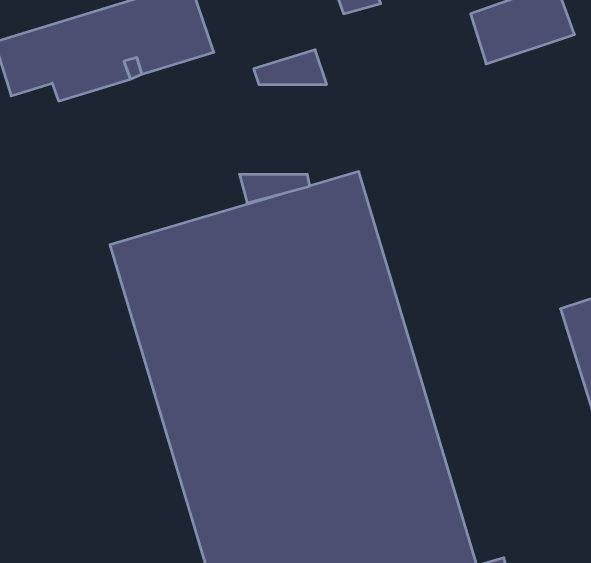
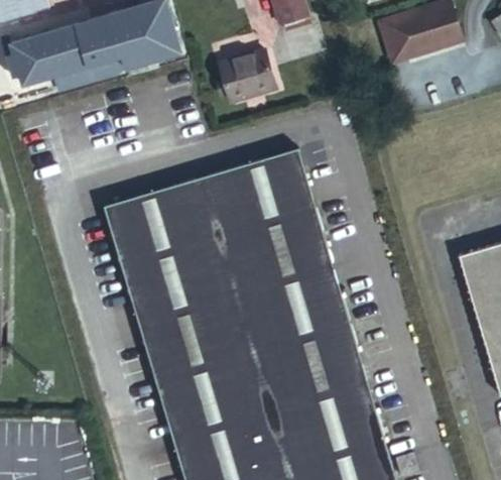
building: [239,174,310,203] -> [219,79,274,101]

